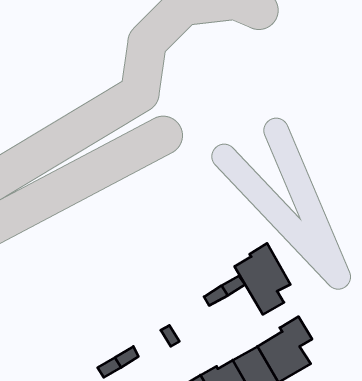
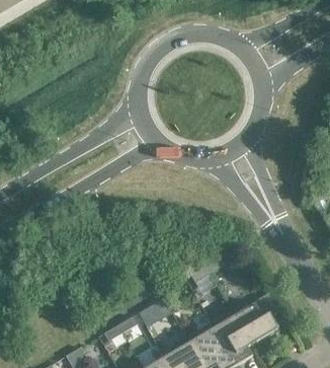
building: [235,243,290,314] -> none

